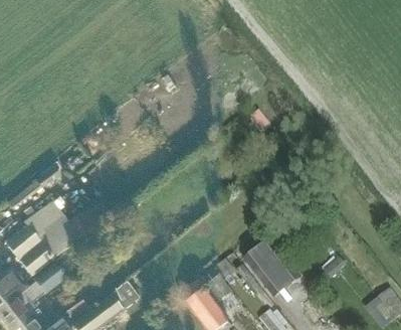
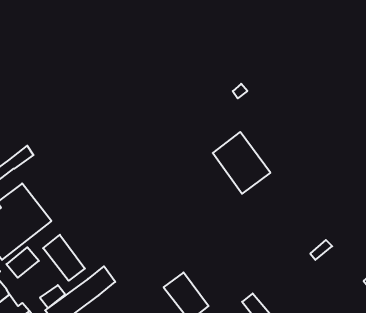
building: [244,237,299,297] -> [213,132,270,194]
building: none -> [43,235,85,281]

